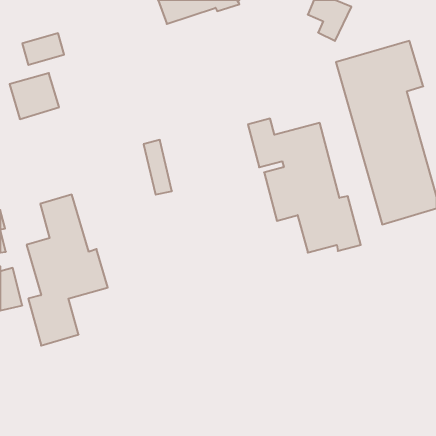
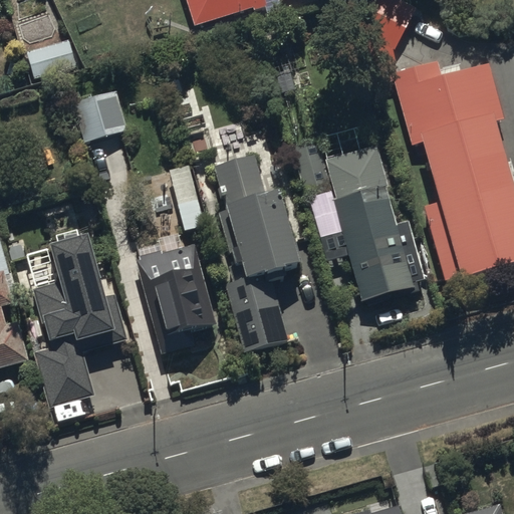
building: [10,73,59,119] -> [70,89,128,144]
building: none -> [213,153,299,350]
building: none -> [137,242,216,352]

